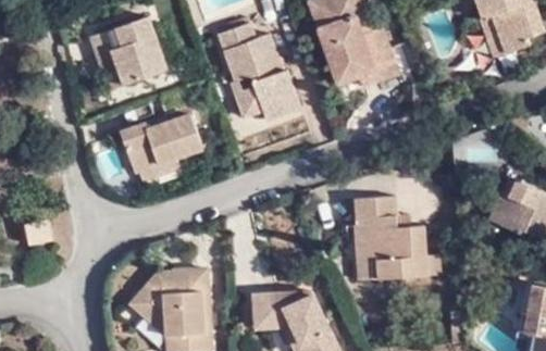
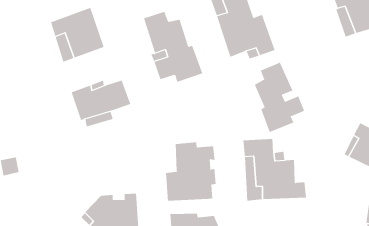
building: none -> [254,62,305,133]
building: none -> [166,141,216,202]

